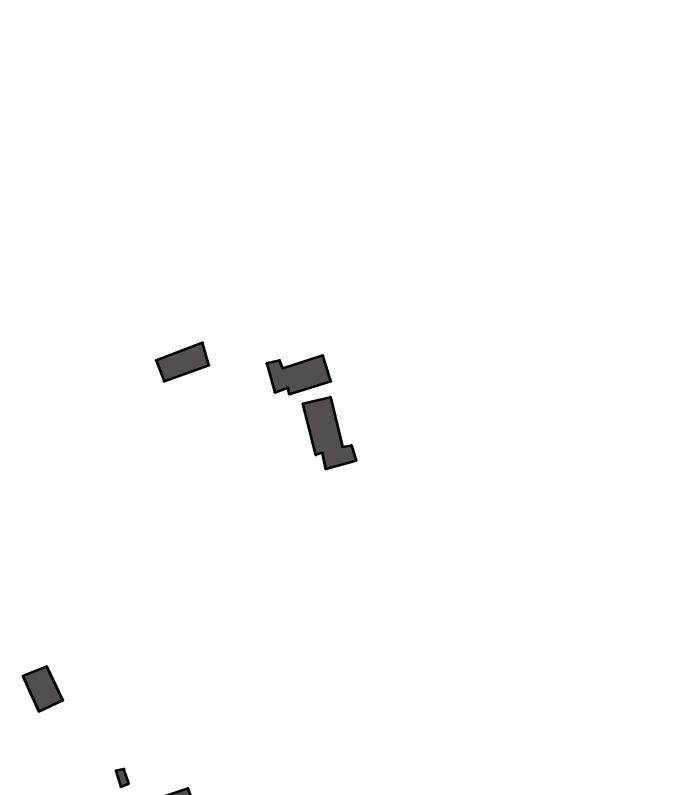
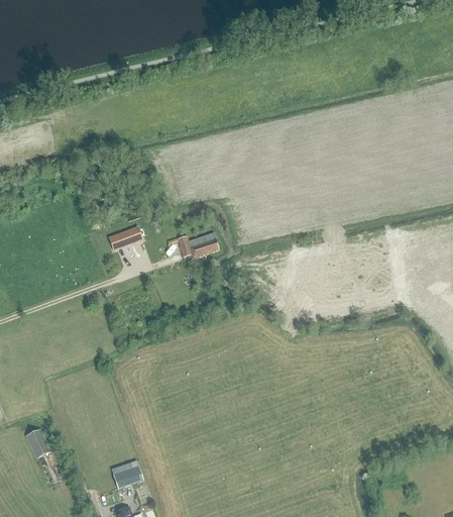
building: [303,397,356,469] -> none
building: none -> [110,460,142,489]

